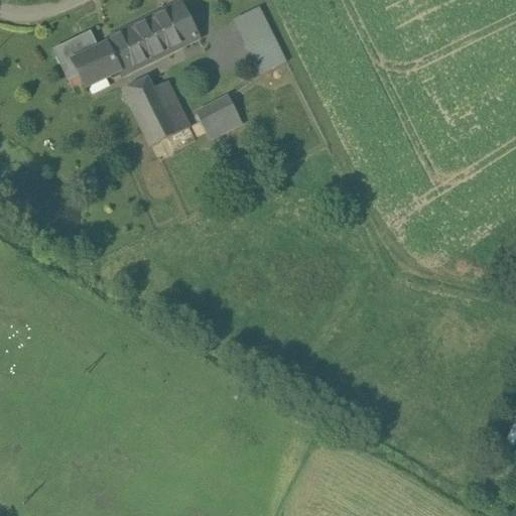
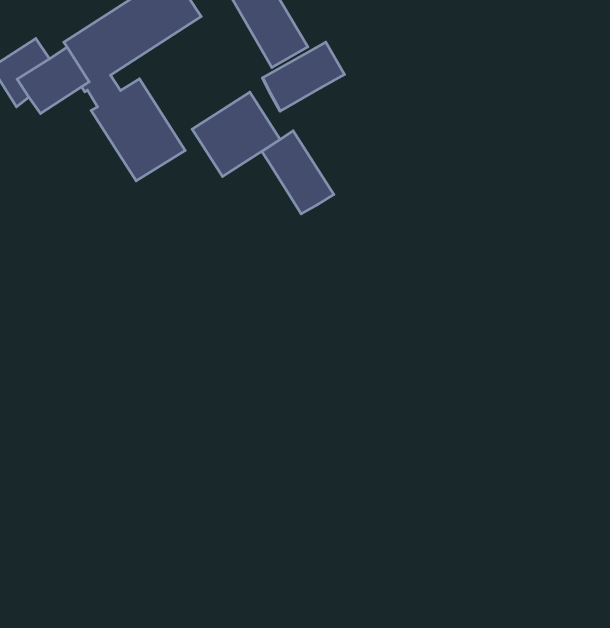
building: none -> [263,42,344,111]
building: none -> [262,131,334,214]

